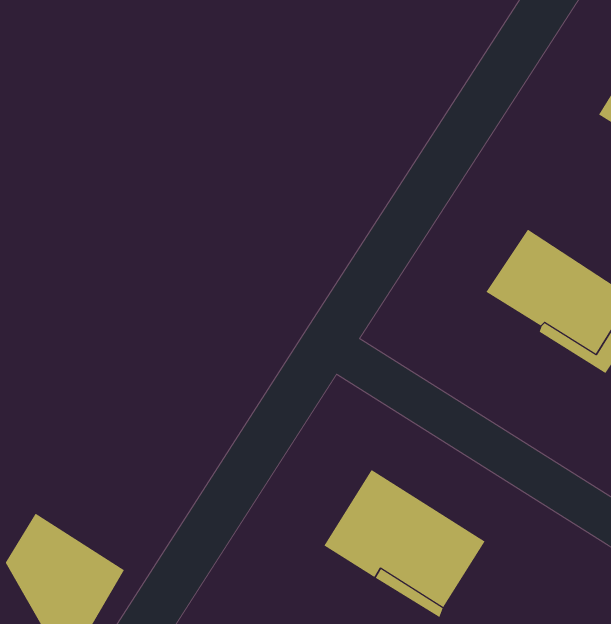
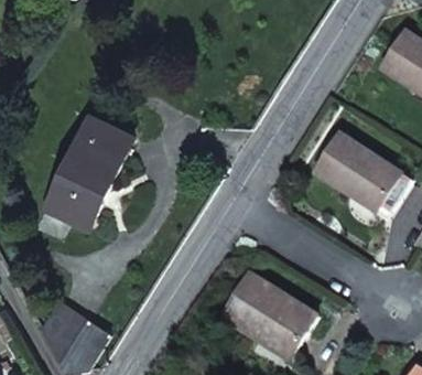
building: none -> [46,116,132,227]

